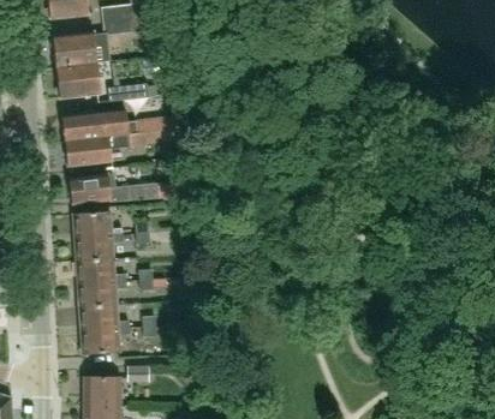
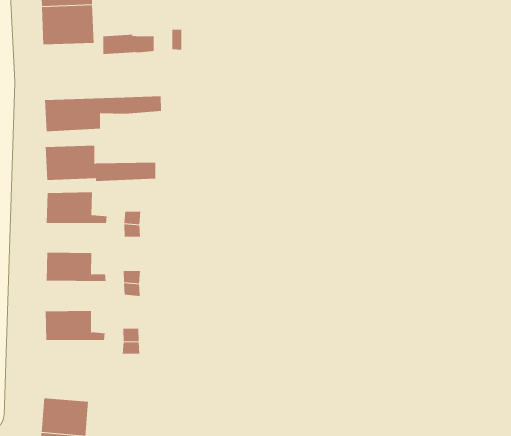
building: [62,109,157,140] -> none
building: [74,234,124,261] -> none
building: [78,280,126,307] -> none
building: [82,327,130,353] -> none

